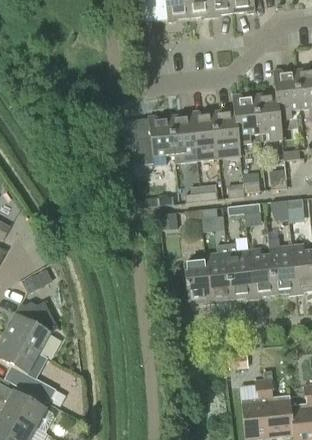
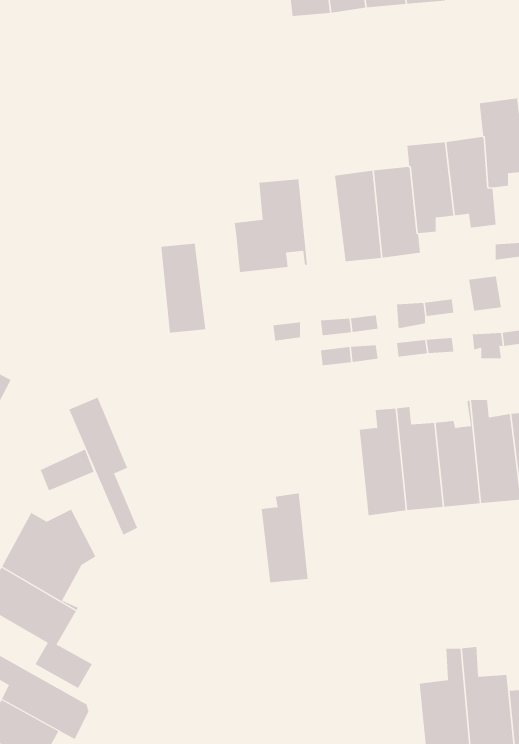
building: [172,111,198,162] -> [160,243,206,333]
building: none -> [68,397,138,536]
building: [184,255,211,306] -> [261,493,308,583]

